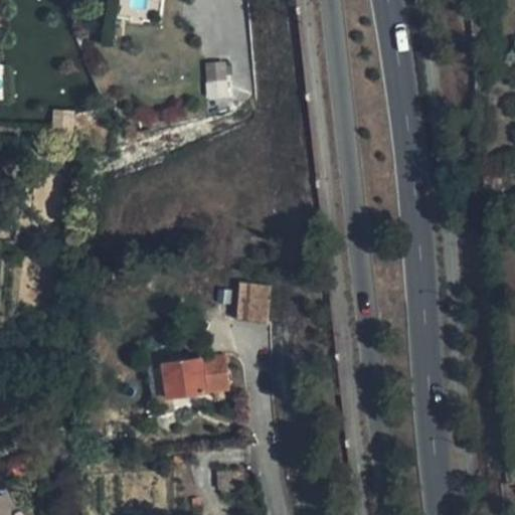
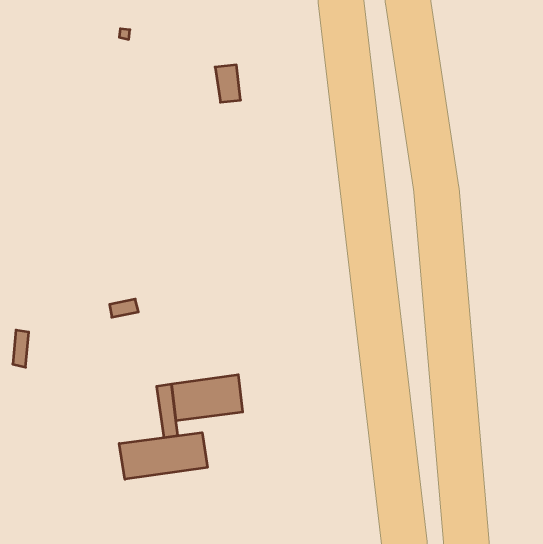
building: [237,282,271,324] -> none
building: none -> [119,433,207,479]

